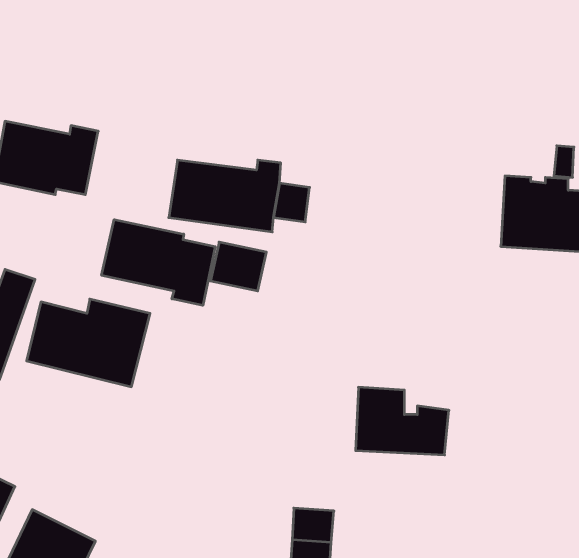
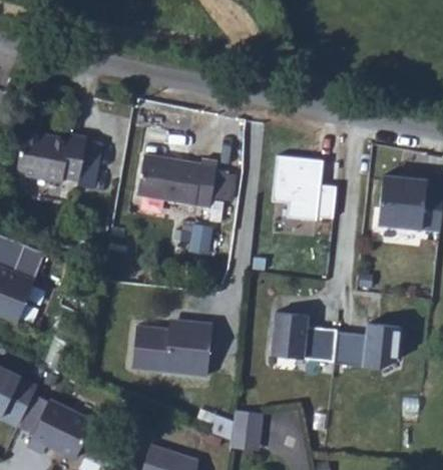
building: none -> [270,148,334,210]
building: [102,220,215,305] -> none
building: [27,299,150,387] -> [126,329,212,390]
building: none -> [337,322,401,368]

